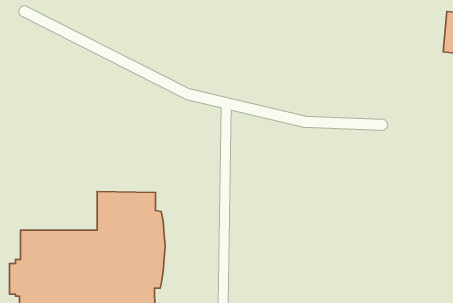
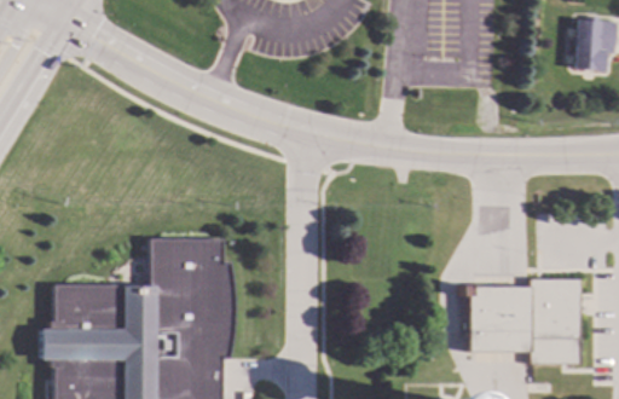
building: none -> [459,278,579,363]

